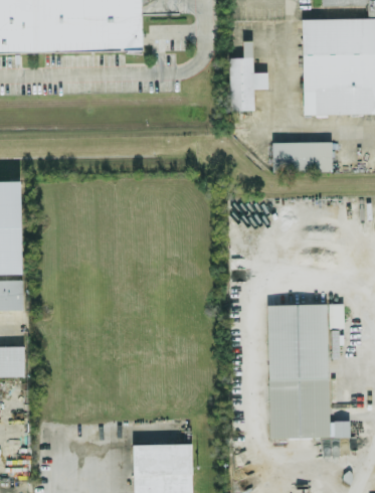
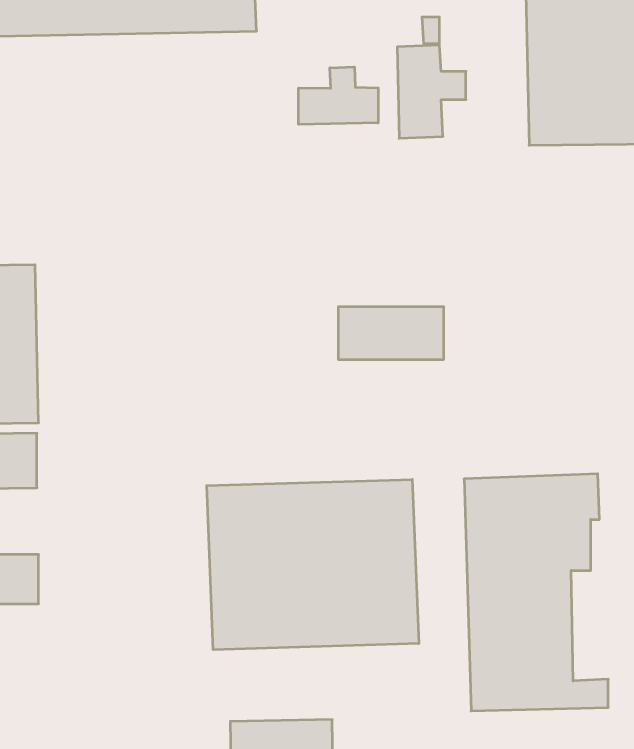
building: none -> [299,67,378,124]
building: [271,142,332,172] -> [338,307,444,359]
building: none -> [207,479,419,650]

